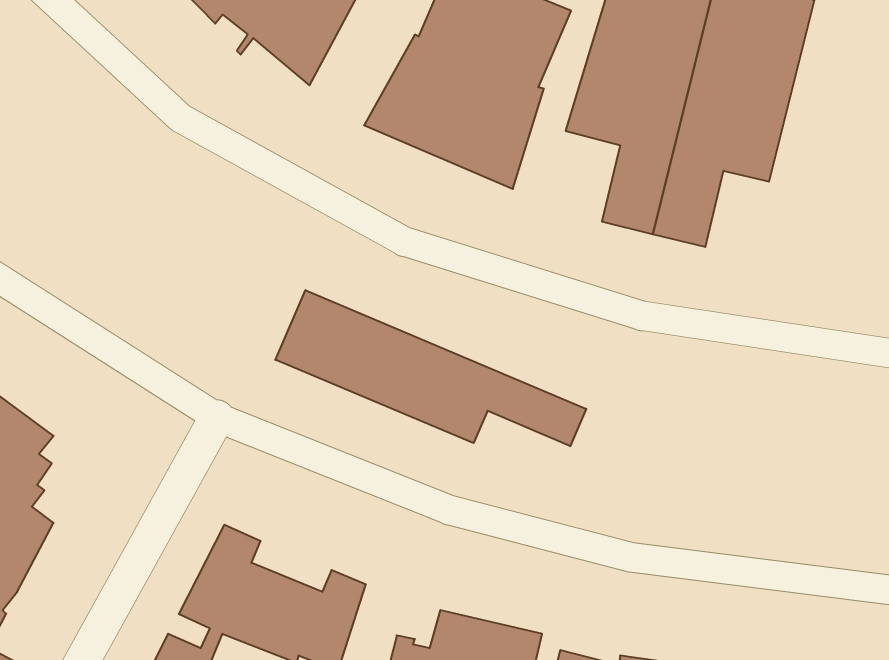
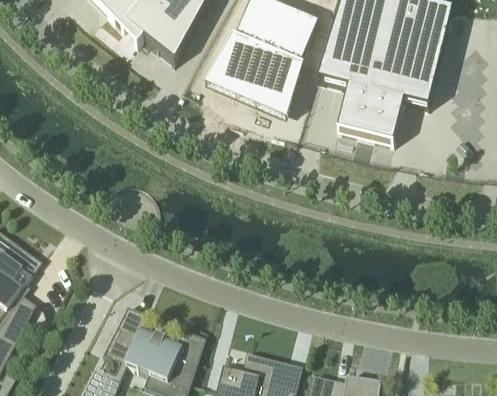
building: [275,290,586,446] -> none

